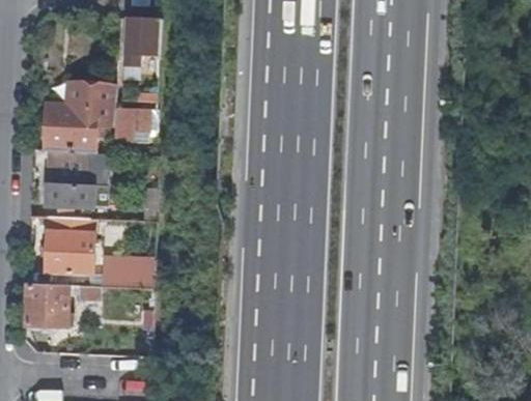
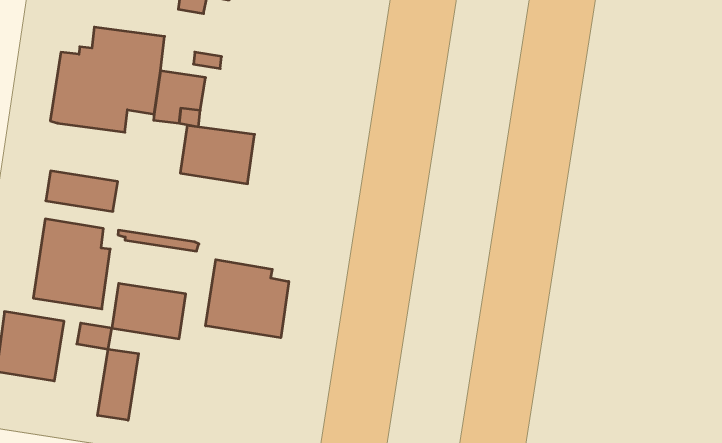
building: [48,151,95,187] -> [180,125,255,184]
building: none -> [206,260,289,338]
building: none -> [98,349,139,420]

